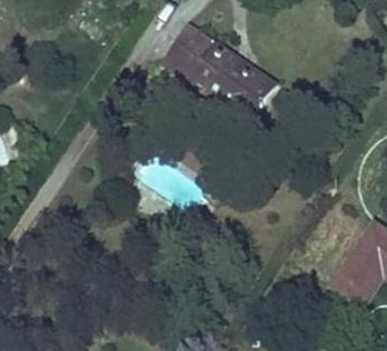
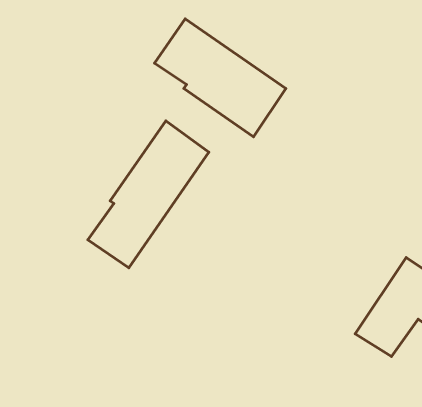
building: none -> [88,121,209,268]

